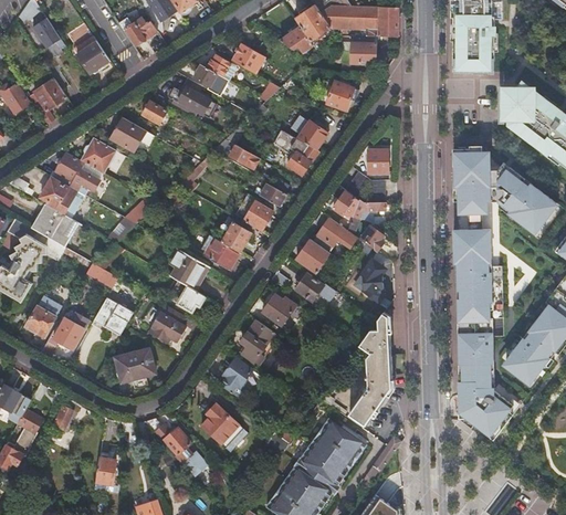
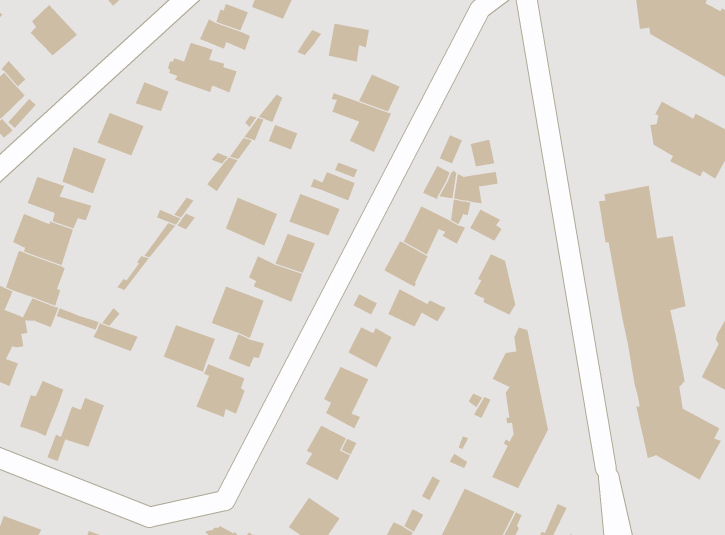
building: [326,80,358,109] -> [328,23,370,62]
building: [452,145,490,213] -> none
building: [367,148,388,172] -> none
building: none -> [225,197,278,247]
building: [94,297,133,334] -> [163,325,216,373]
building: [114,348,155,382] -> none

